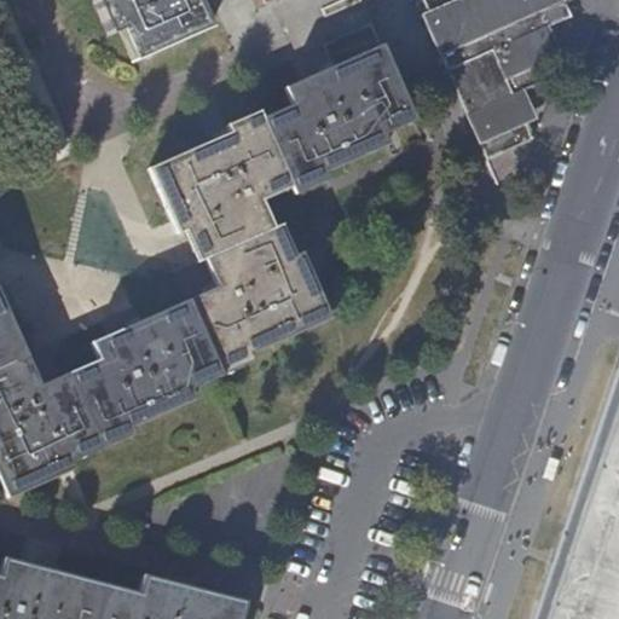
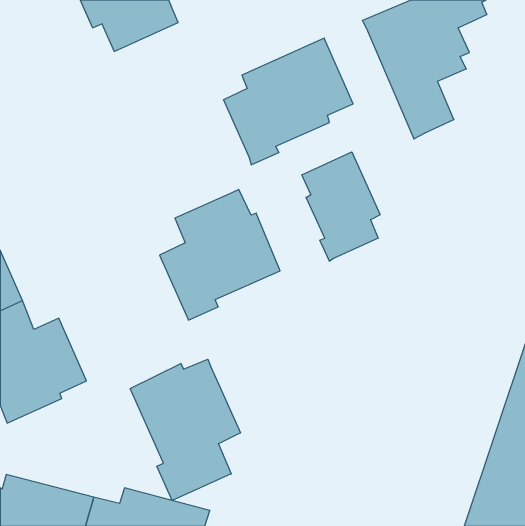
building: [152,108,294,261] -> none
building: none -> [302,152,380,261]
building: [70,300,222,447] -> none
building: none -> [130,359,240,501]

